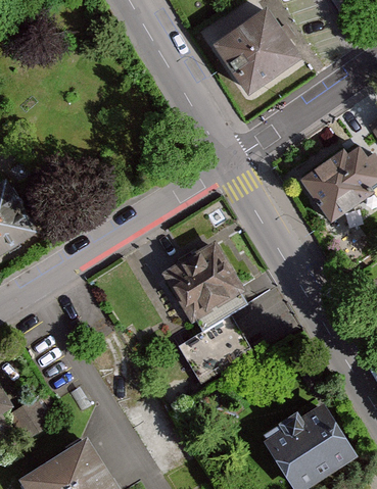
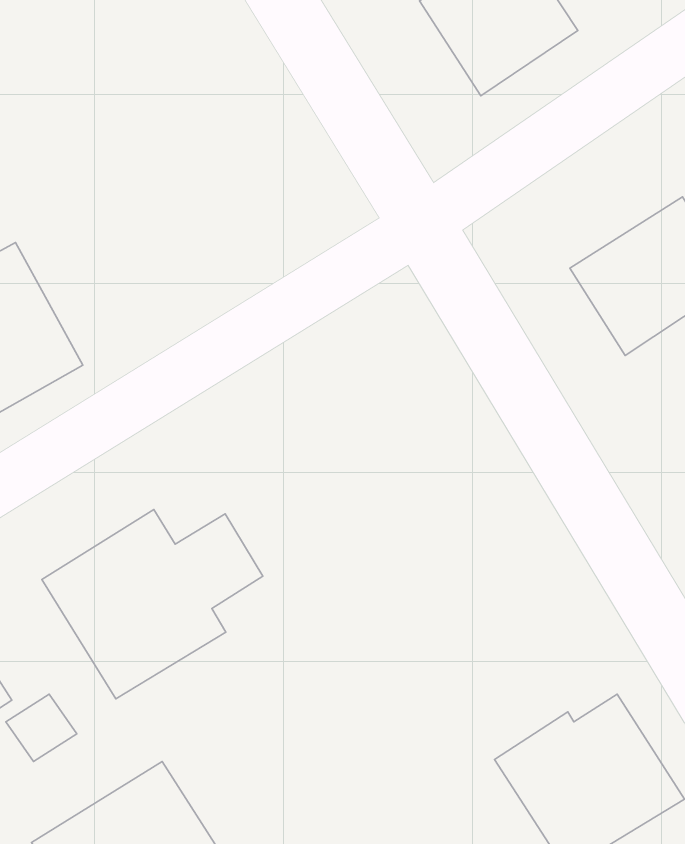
building: [157,242,247,380] -> none
building: none -> [42,509,263,699]

